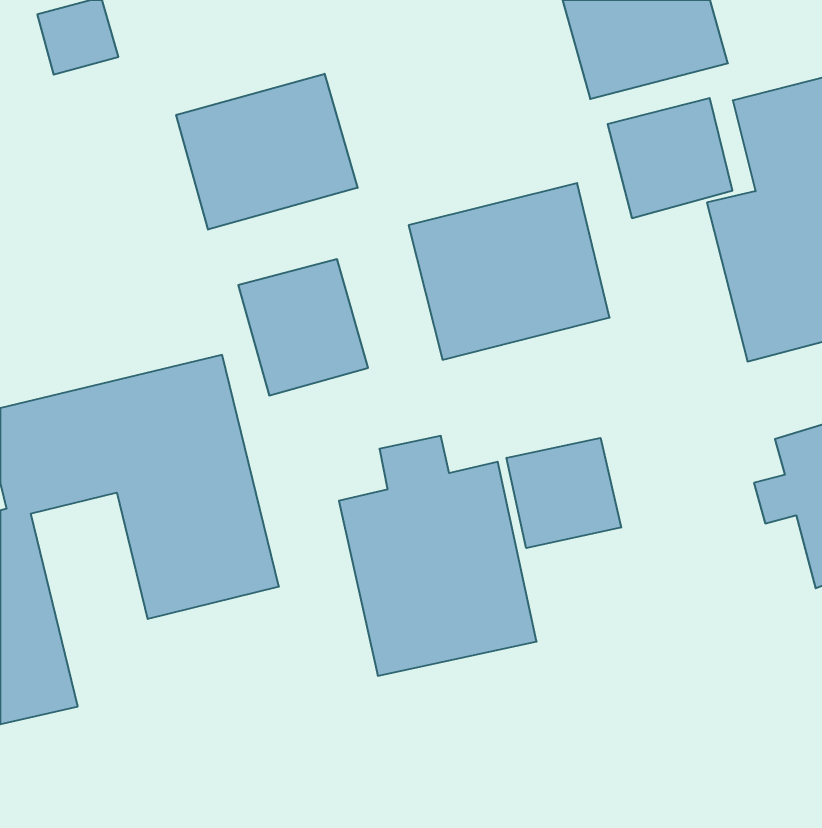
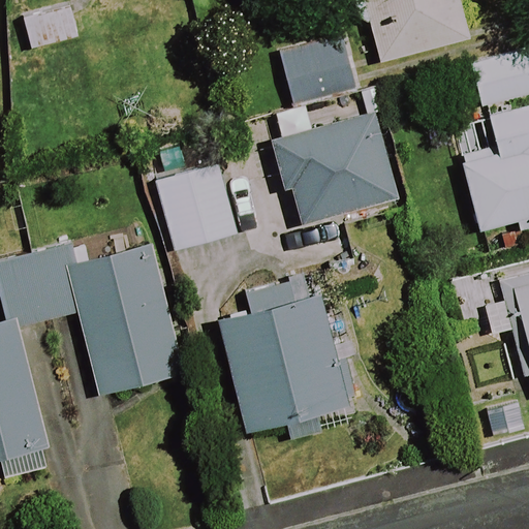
building: [176,74,358,230] -> none
building: [608,98,732,218] -> [279,35,359,112]
building: [507,438,621,548] -> none

